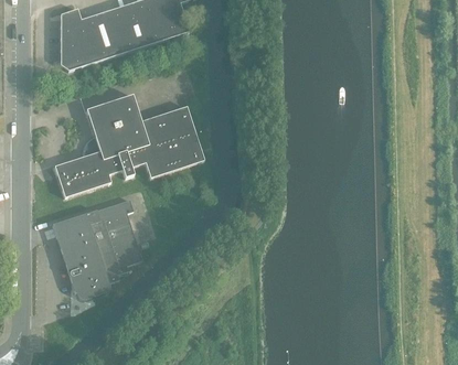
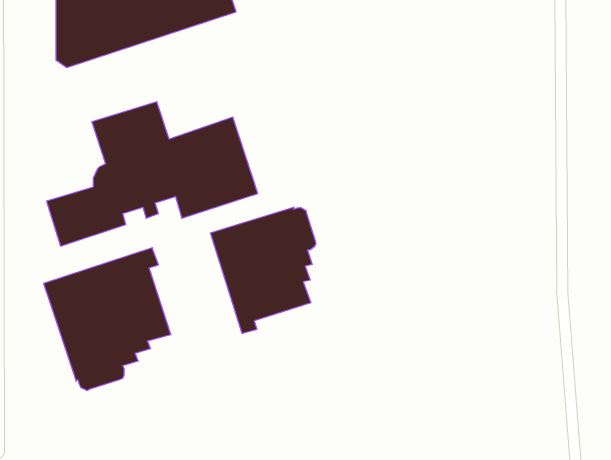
building: none -> [211,207,316,334]

